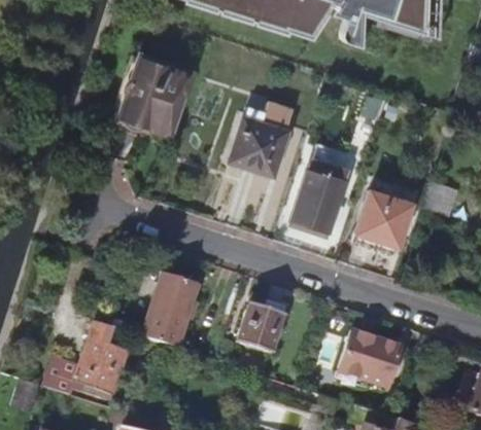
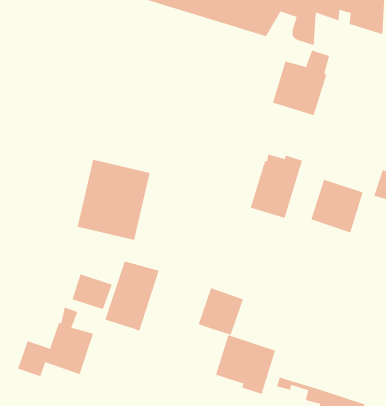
building: [117,47,195,133] -> [77,159,150,241]
building: [230,106,290,175] -> [272,50,330,116]
building: none -> [72,274,112,310]
building: [338,328,402,391] -> [215,335,276,395]

